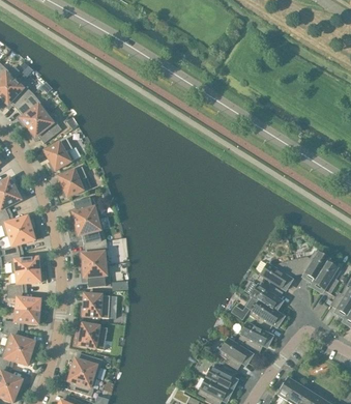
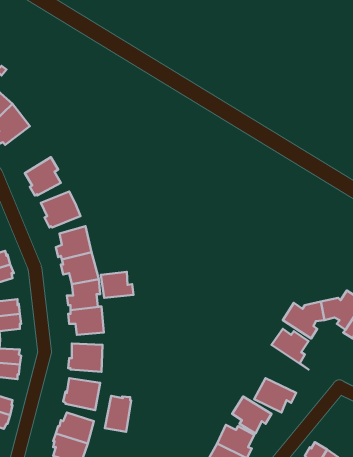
building: [28,111,62,142] -> none
building: none -> [101,272,134,298]
building: [251,294,283,330] -> none
building: none -> [105,396,131,432]

